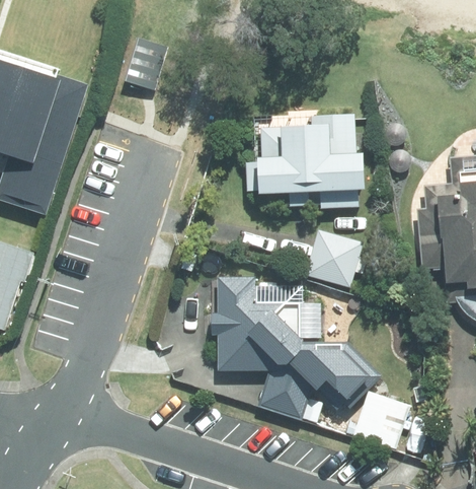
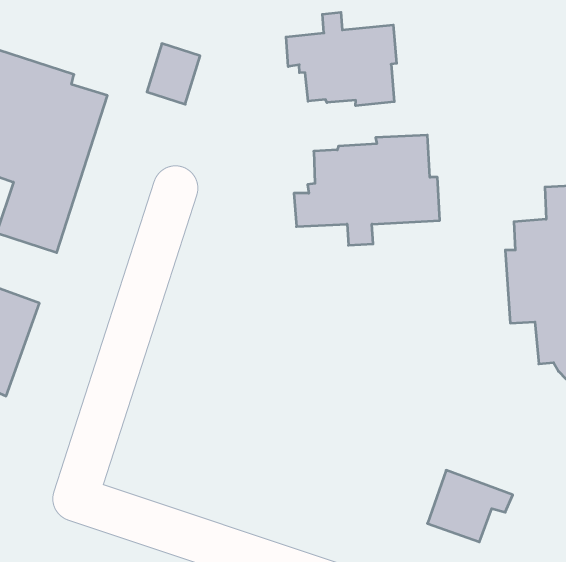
building: none -> [286,12,397,106]
building: [304,231,368,288] -> none
building: [209,277,373,422] -> none

